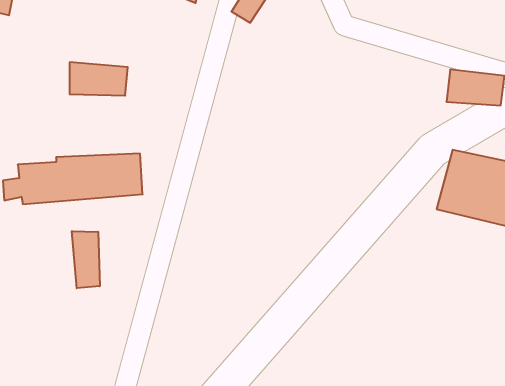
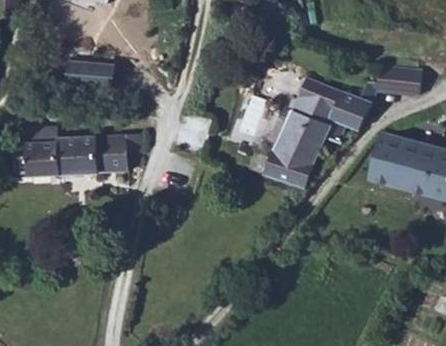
building: none -> [264,77,371,188]
building: [72,231,100,288] -> none

